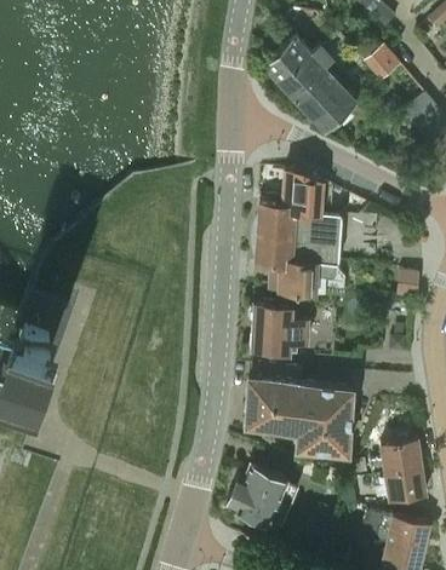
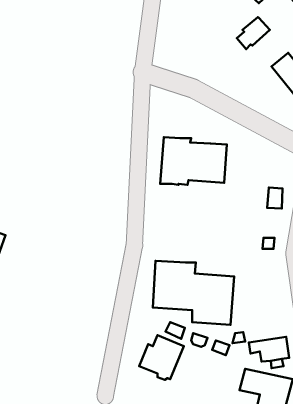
building: [264,38,359,133] -> none
building: [282,171,324,213] -> none
building: [270,261,347,295] -> none
building: [250,304,309,370] -> none
building: [371,441,423,476] -> none

